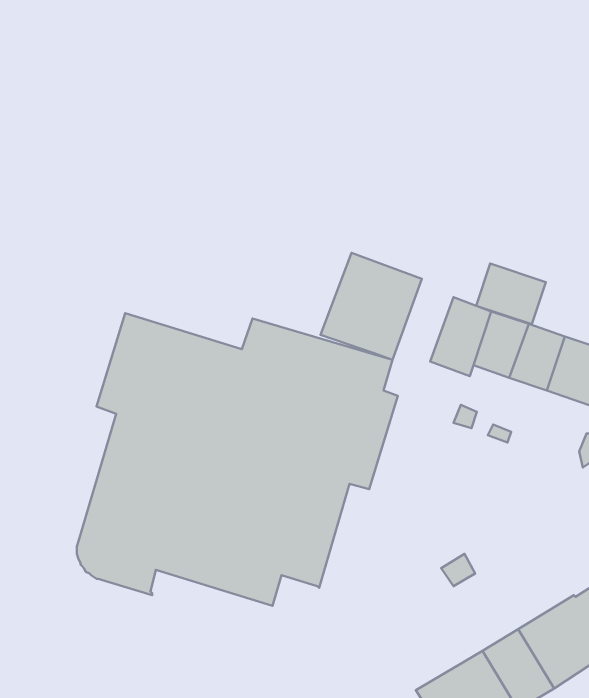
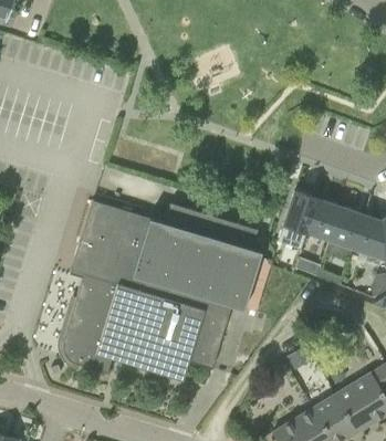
building: [321,253,422,360] -> none
building: [476,264,546,324] -> none

